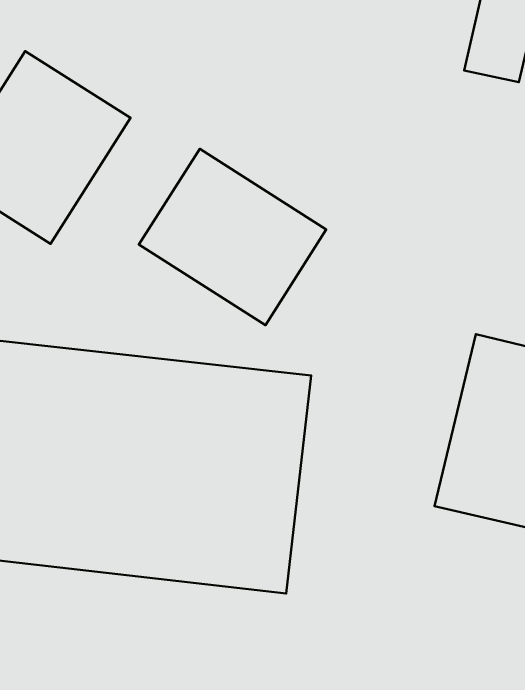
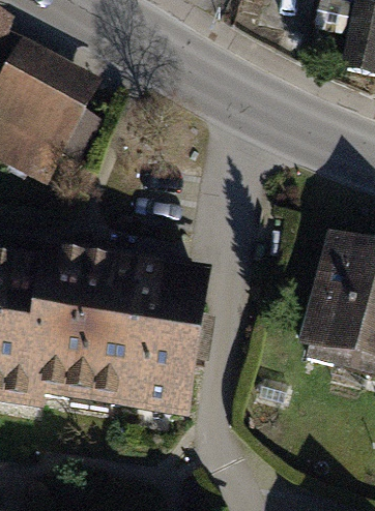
building: [139,149,326,325] -> none

